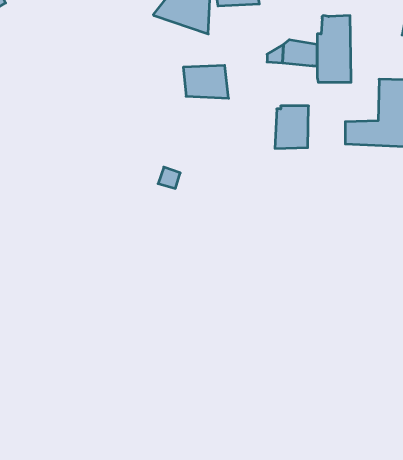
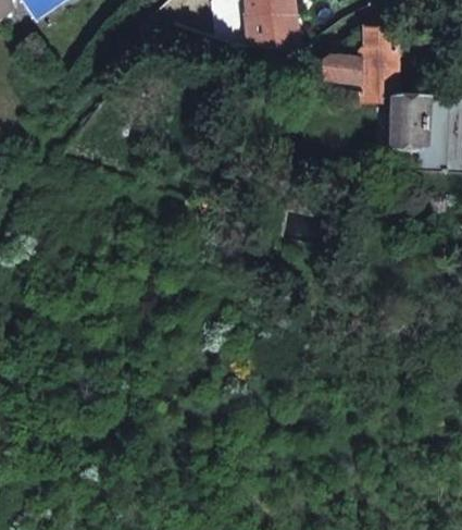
building: [183,65,229,98] -> [248,9,299,46]
building: [275,106,309,148] -> [391,94,429,141]

